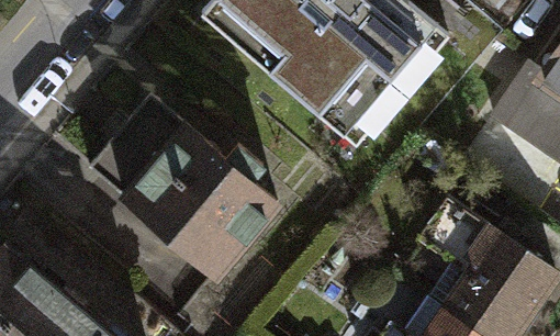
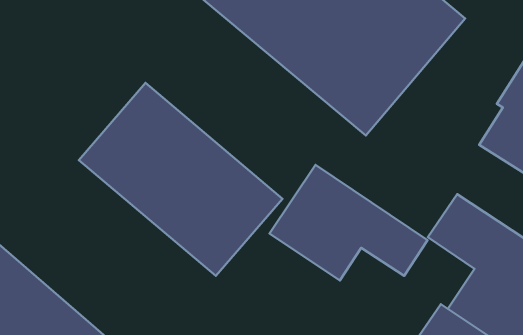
building: none -> [269,165,428,281]

